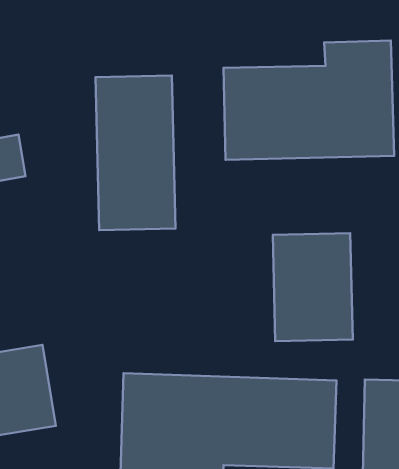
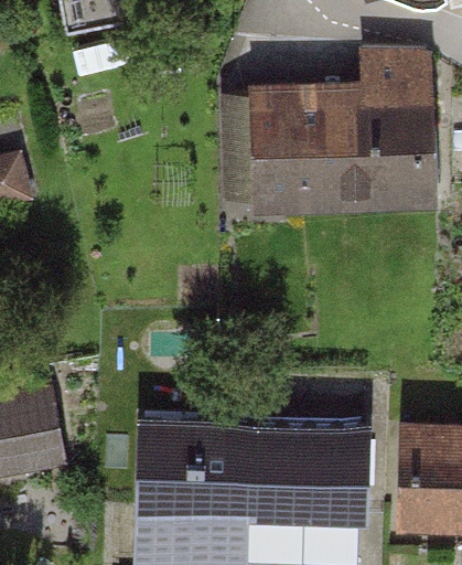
building: [96,76,175,230] -> none
building: [273,233,353,341] -> none

